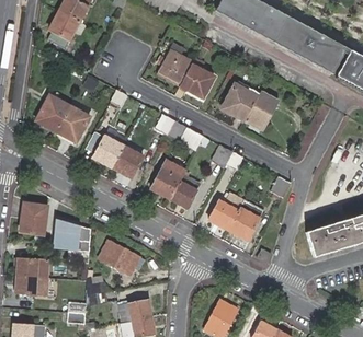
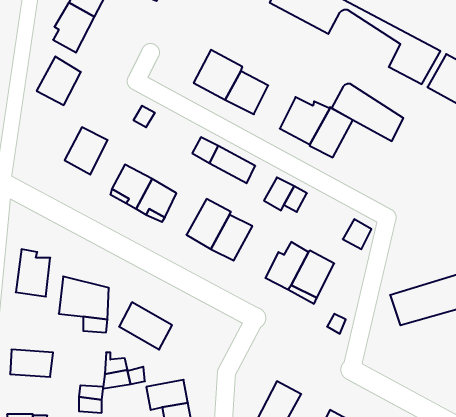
building: [259,15,314,59] -> [332,84,403,141]
building: [36,93,70,130] -> [37,56,81,105]
building: [16,257,49,277] -> none

